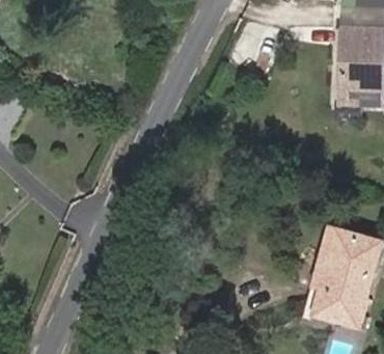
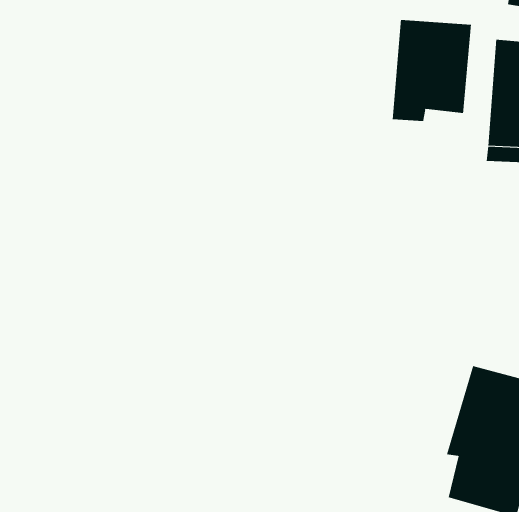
building: none -> [392,19,471,122]

